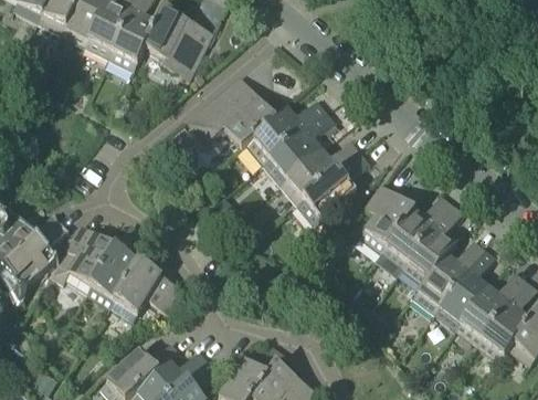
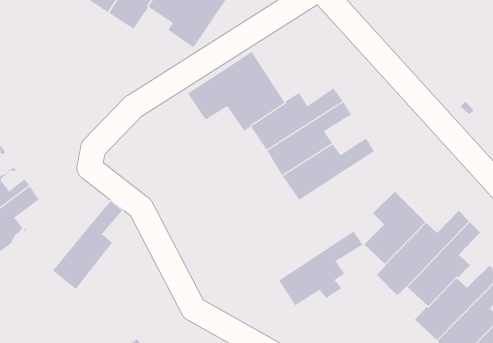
building: [297,150,369,223] -> [278,231,363,306]
building: [50,224,115,291] -> none
building: [109,260,184,320] -> none

